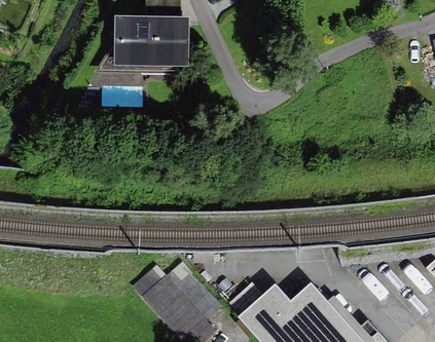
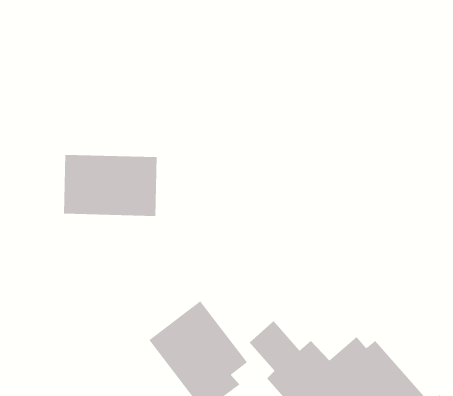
building: [110,20,188,71] -> [63,154,157,216]

